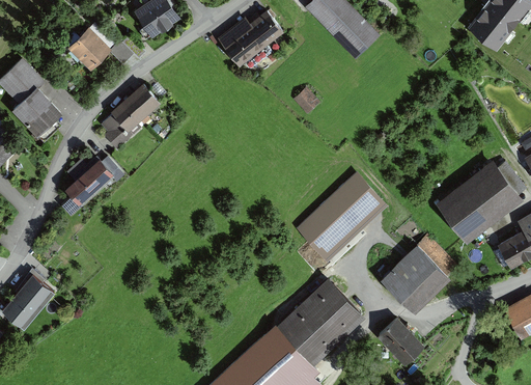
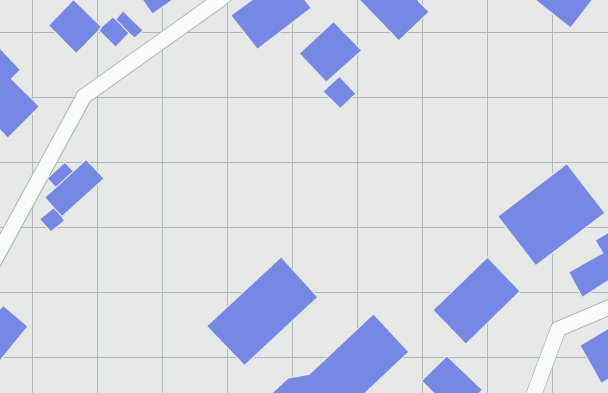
building: none -> [299,22,362,82]
building: [102,86,159,152] -> none
building: [297,172,388,262] -> [206,257,318,366]

